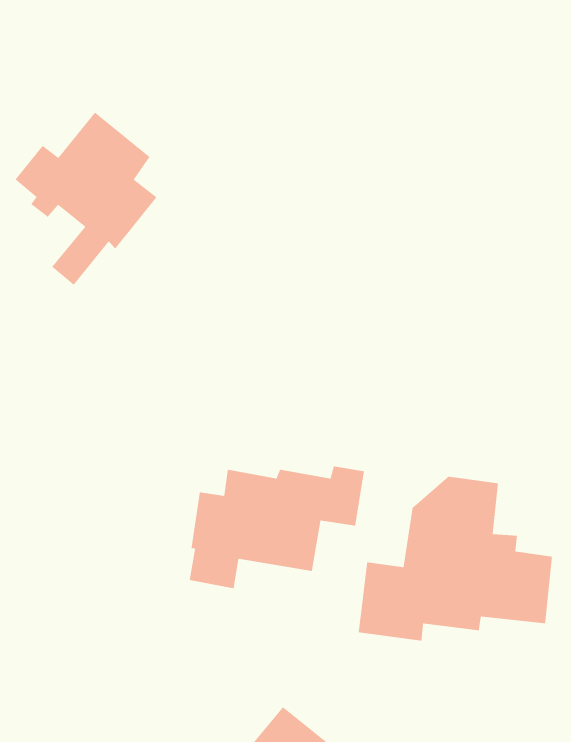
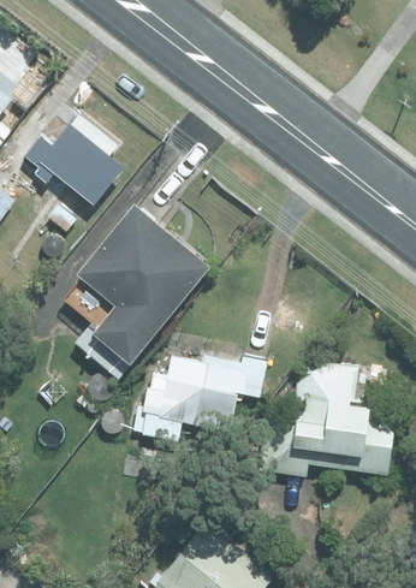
building: none -> [73,208,206,367]

